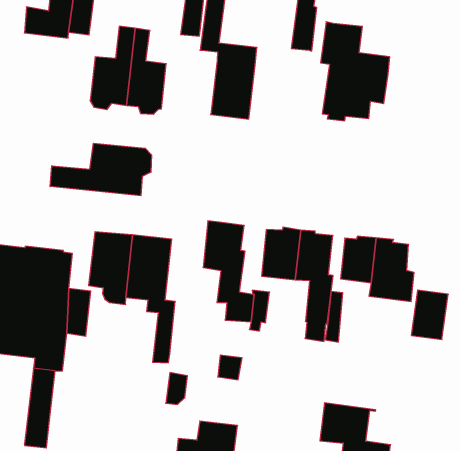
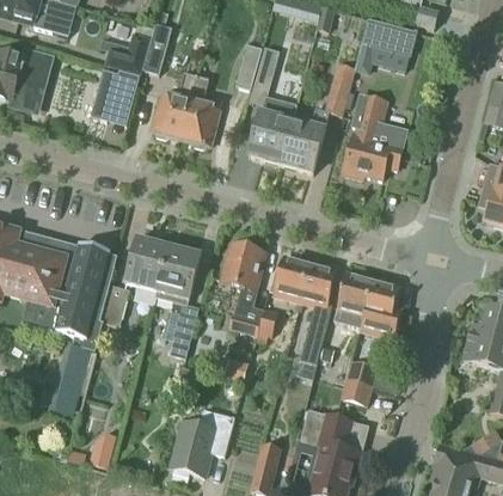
building: none -> [91,69,139,120]
building: none -> [282,108,329,172]
building: [50,143,152,196] -> none
building: [411,290,448,340] -> [342,361,378,405]

